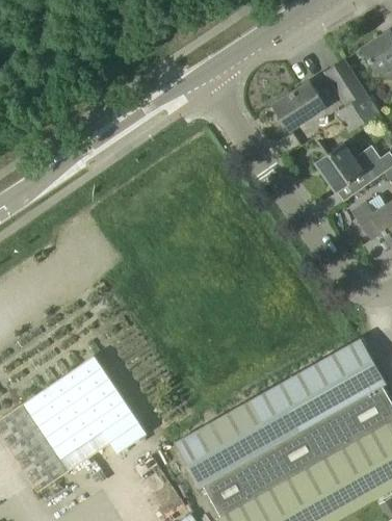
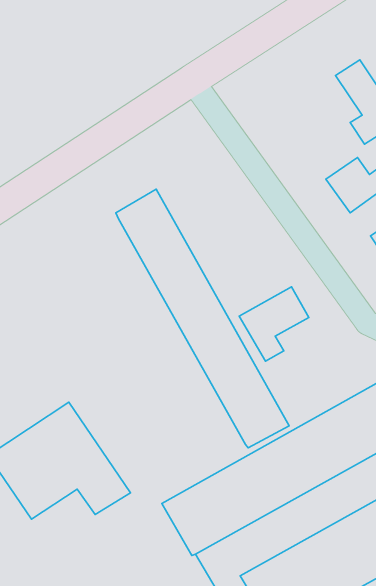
building: [273,83,324,130] -> none
building: none -> [116,189,289,448]
building: none -> [239,287,309,361]

